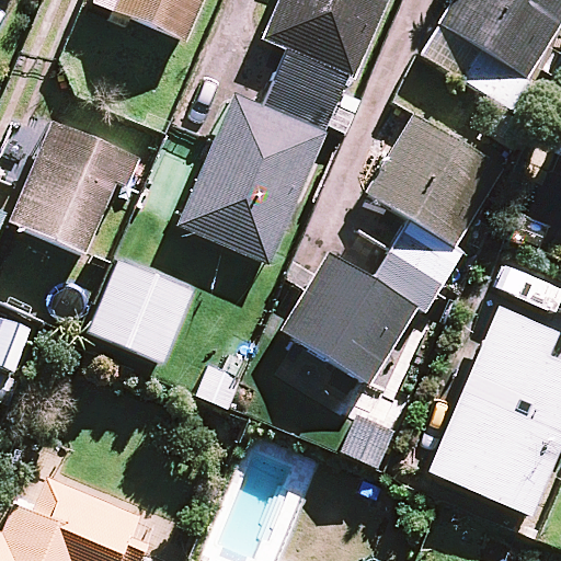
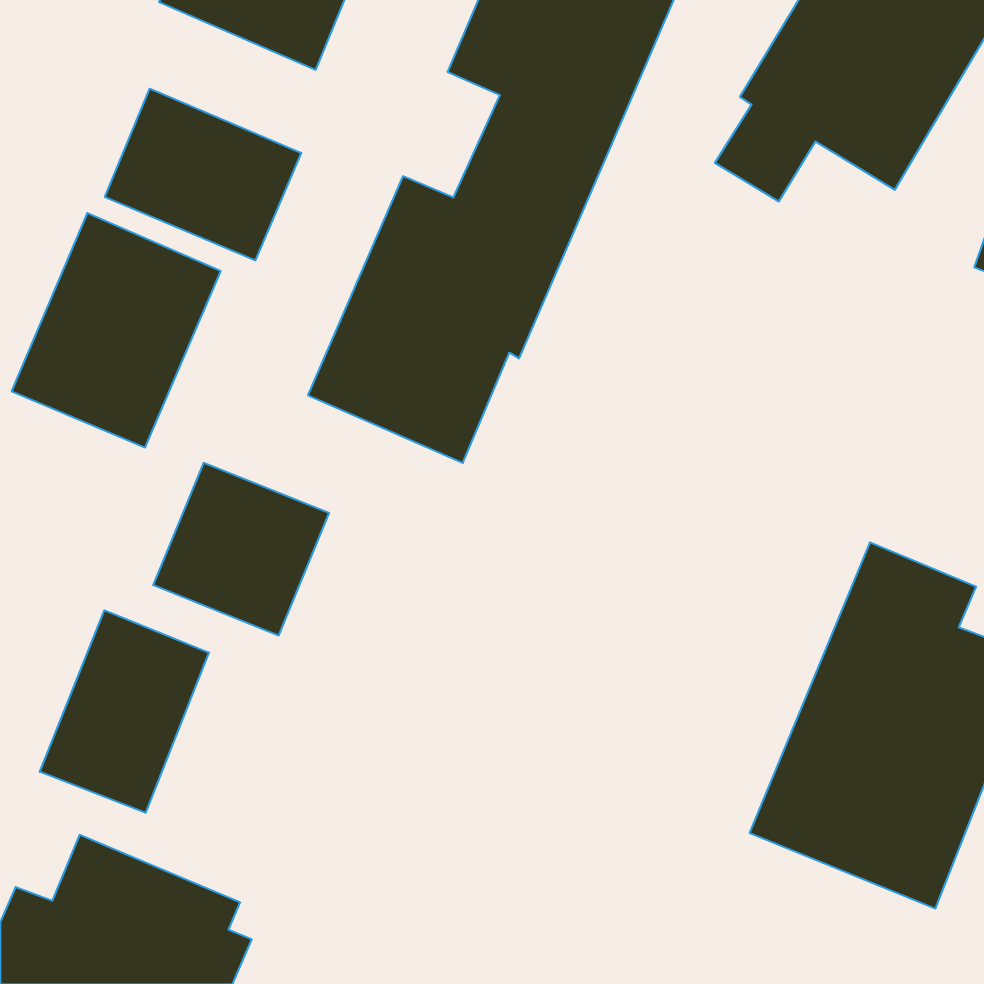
building: none -> [105,89,301,260]
building: [284,116,500,388] -> none
building: none -> [40,610,209,813]

